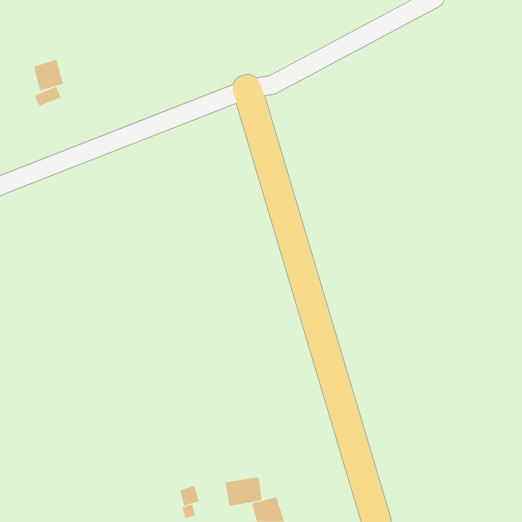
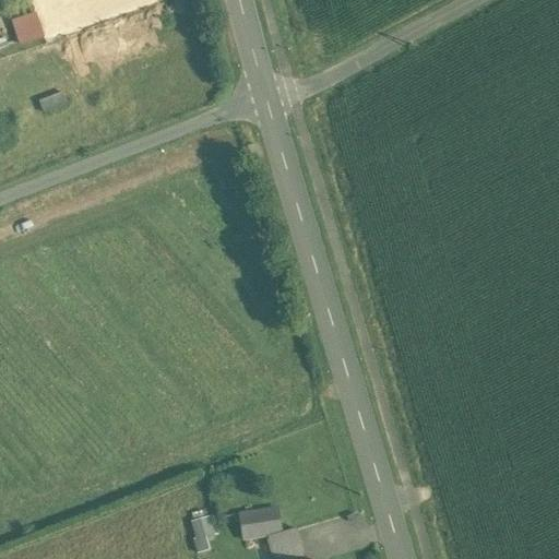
building: [33,59,64,91] -> [9,9,41,43]

